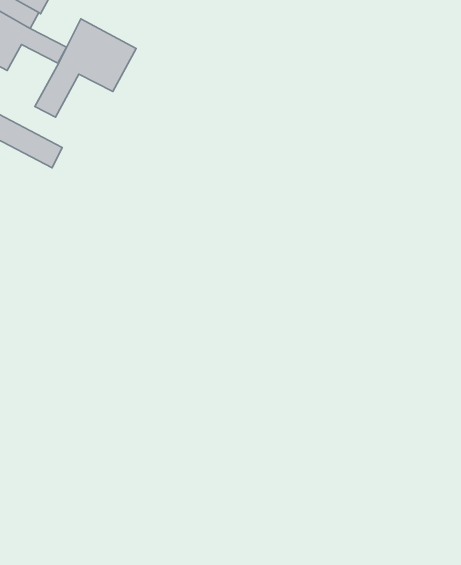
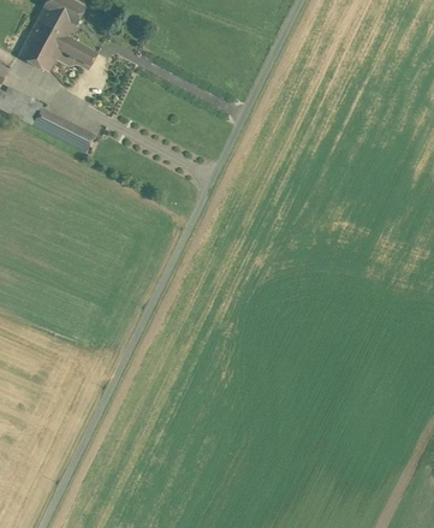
building: [35,19,136,117] -> none

